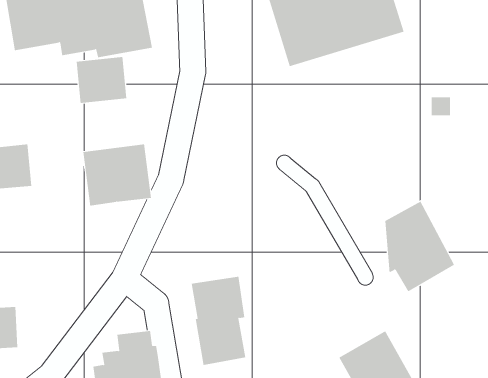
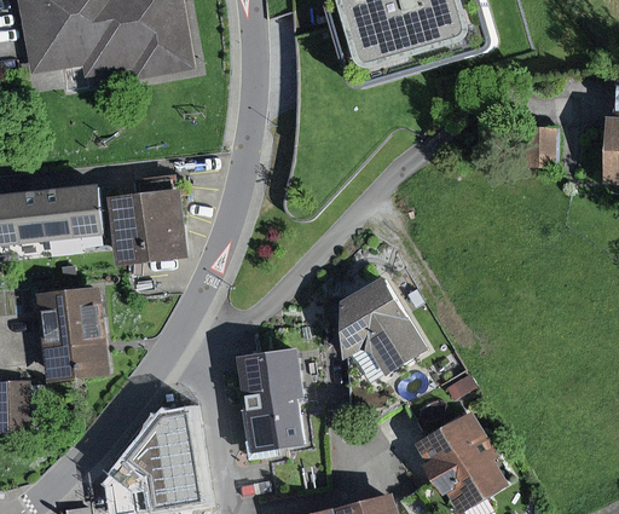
building: [76,56,127,104] -> [42,180,104,237]
building: [385,201,455,292] -> [339,276,423,386]
building: none -> [33,287,106,381]

